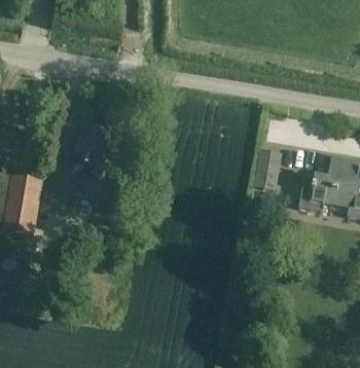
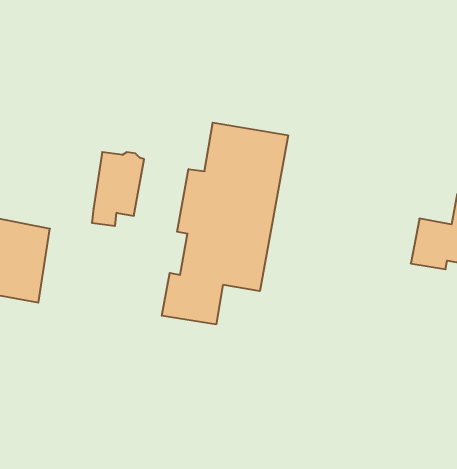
building: none -> [162,123,288,324]
building: [254,149,283,190] -> none

